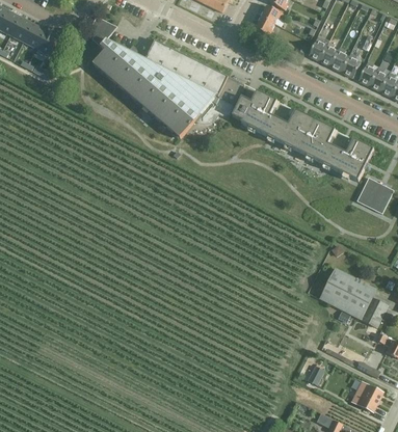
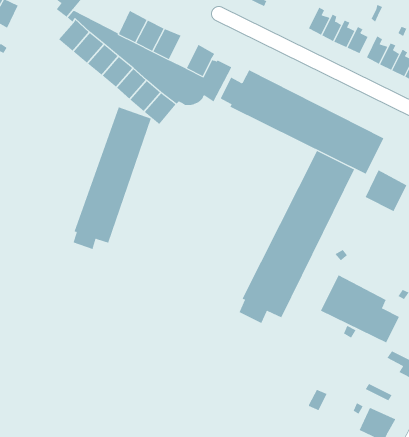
building: [188,61,213,89] -> none
building: none -> [73,107,152,250]
building: none -> [239,150,355,324]

